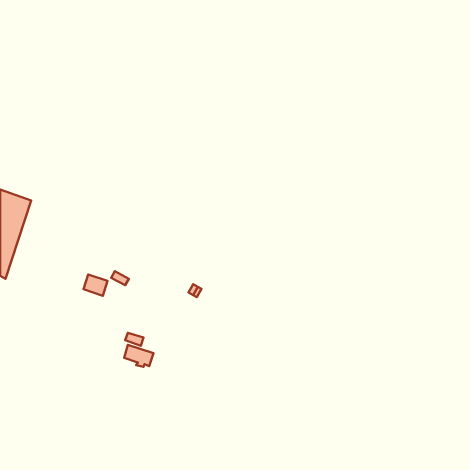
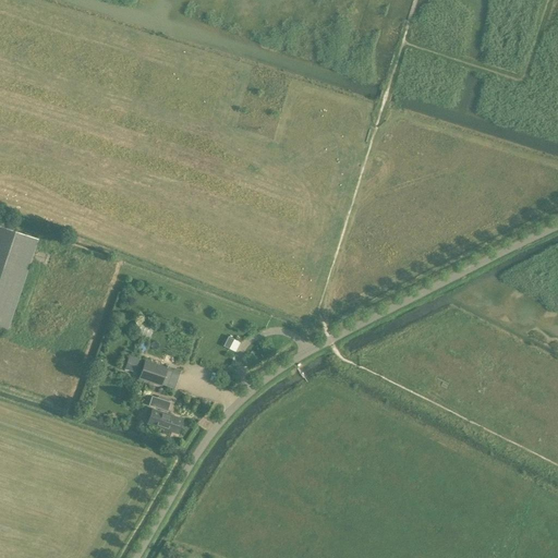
building: [84,275,108,296] -> [138,360,167,385]

